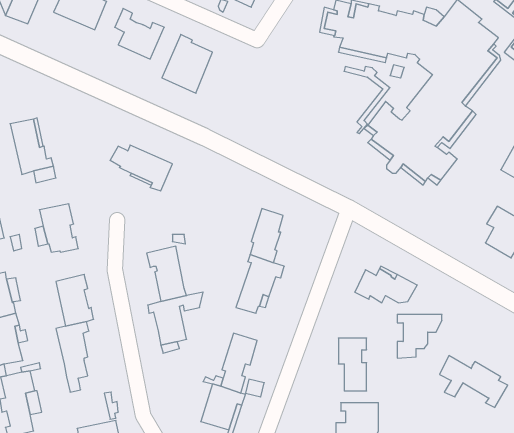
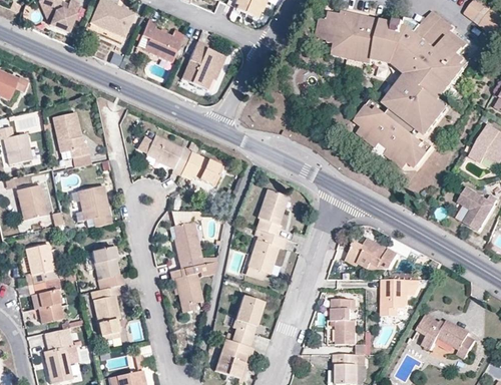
building: [344,67,390,134] -> [373,56,412,113]
building: none -> [180,150,222,184]

